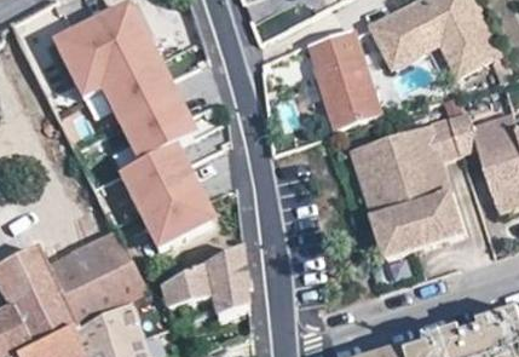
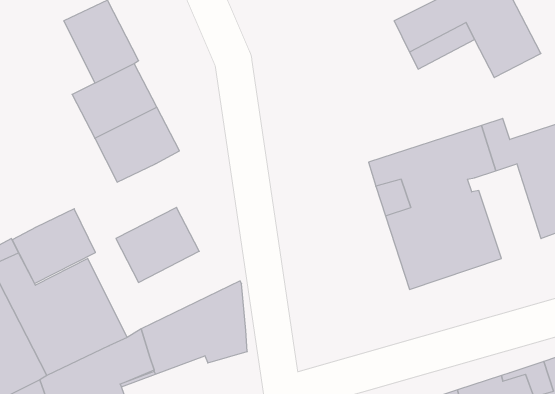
building: [52,24,116,97] -> none
building: [310,27,379,123] -> none
building: [115,146,186,211] -> [12,209,95,284]

